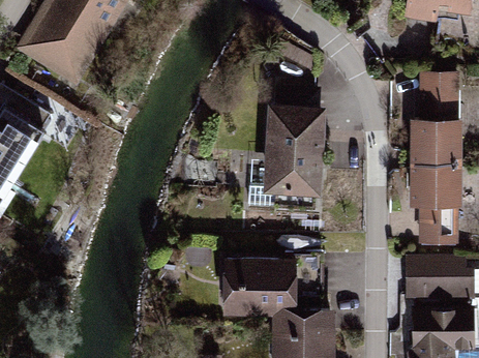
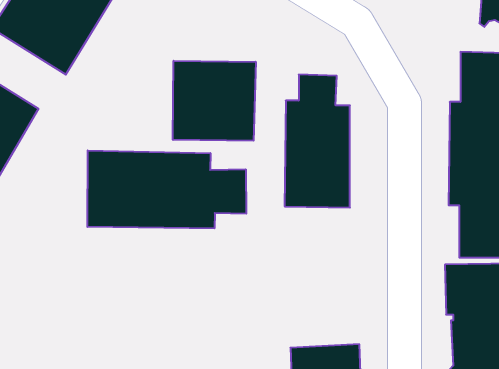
building: none -> [173,61,256,141]
building: none -> [87,150,246,228]
building: [223,264,298,312] -> none

